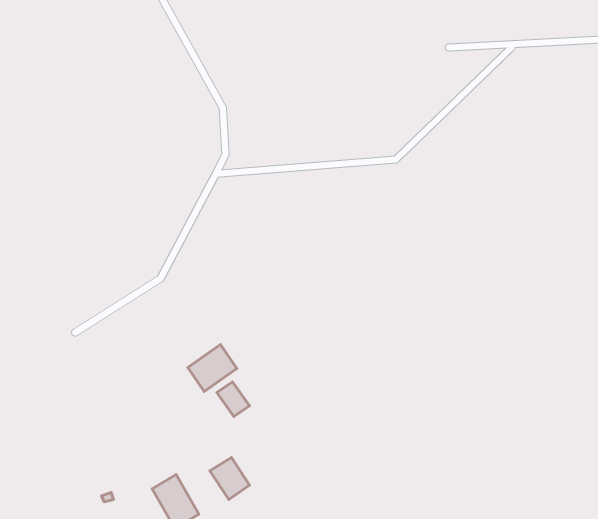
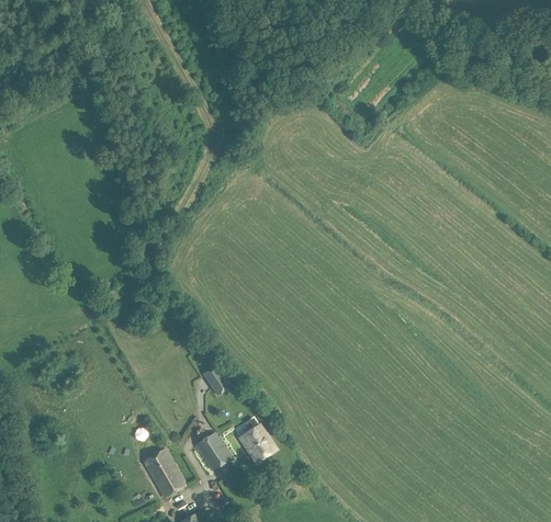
building: [188,344,237,392] -> none
building: none -> [239,424,276,462]

